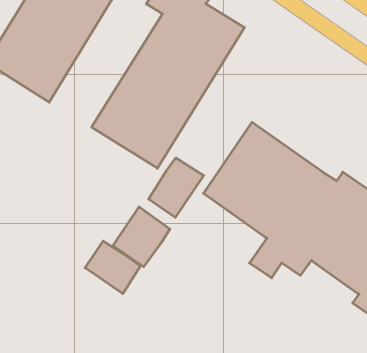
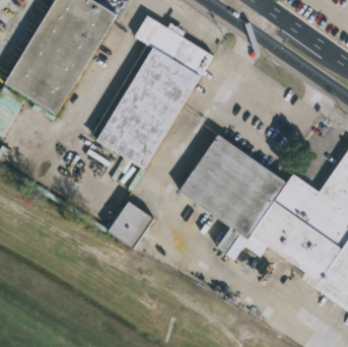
building: [149,158,204,217] -> none
building: [85,241,140,294] -> none

